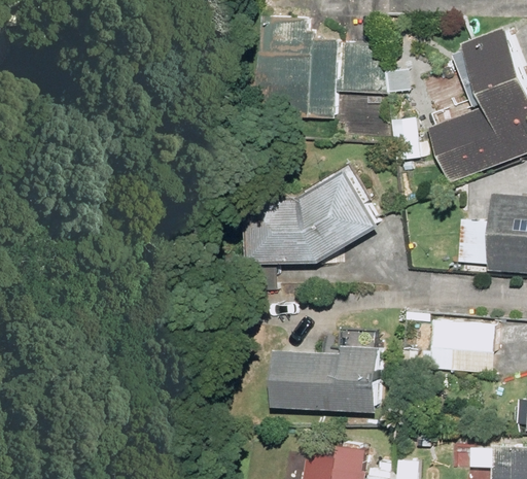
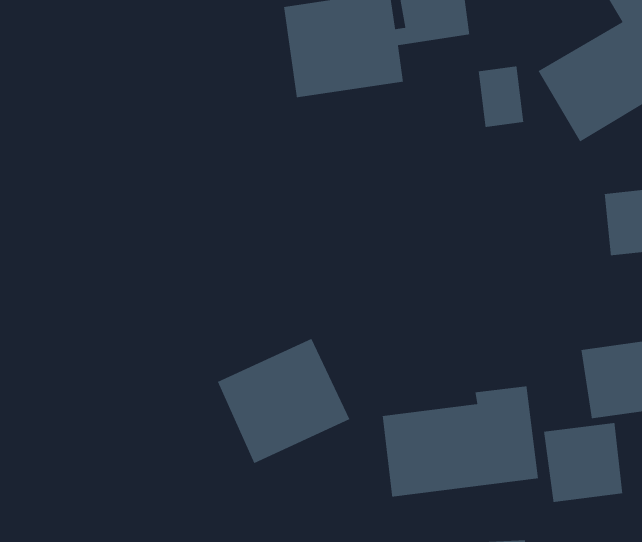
building: [244,167,386,262] -> none
building: none -> [217,338,350,464]
building: none -> [543,422,623,503]

